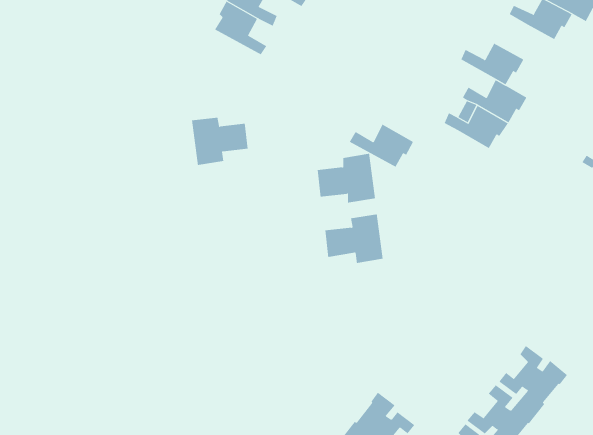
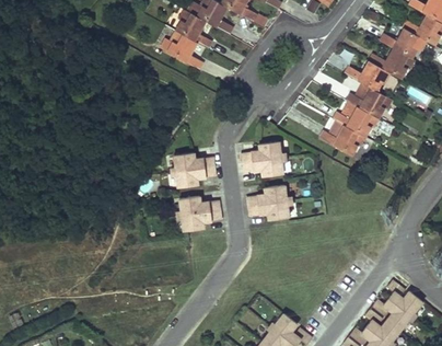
building: none -> [369,47,415,78]
building: [191,117,248,166] -> [174,152,216,187]
building: [349,124,414,167] -> [318,124,365,155]
building: none -> [179,195,222,230]

